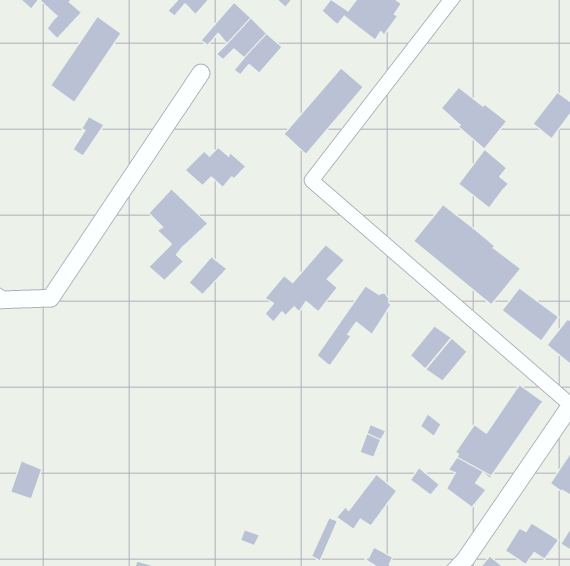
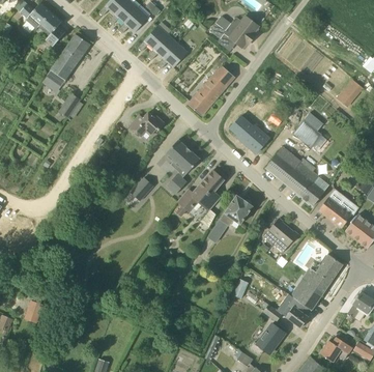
building: [441,87,507,149] -> [230,116,269,153]
building: [149,189,208,281] -> [165,137,200,192]
building: [336,474,397,529] -> [249,322,285,355]

